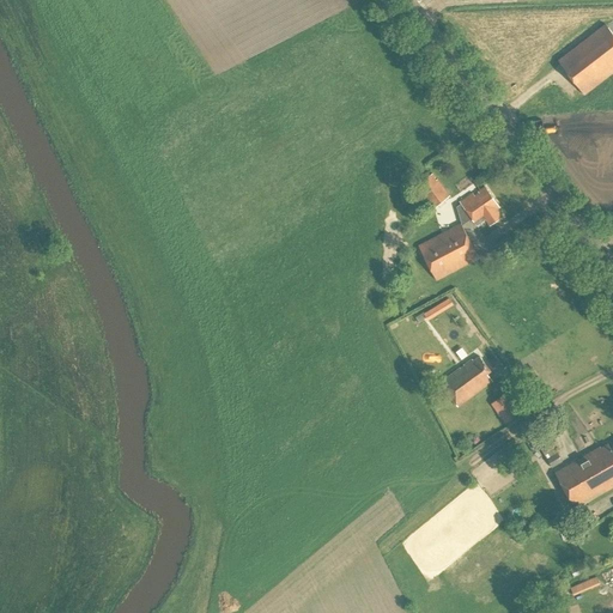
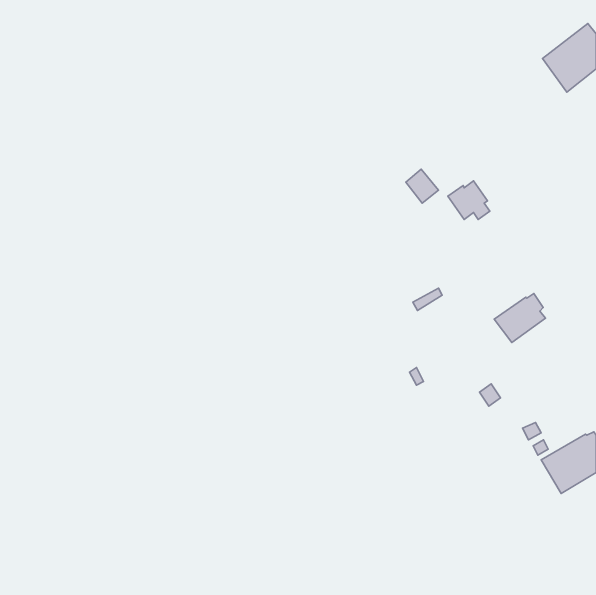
building: [419,223,479,279] -> none
building: [441,354,493,405] -> [494,294,546,343]

